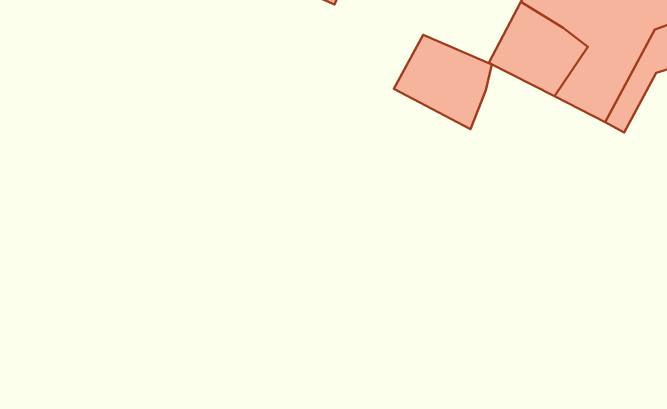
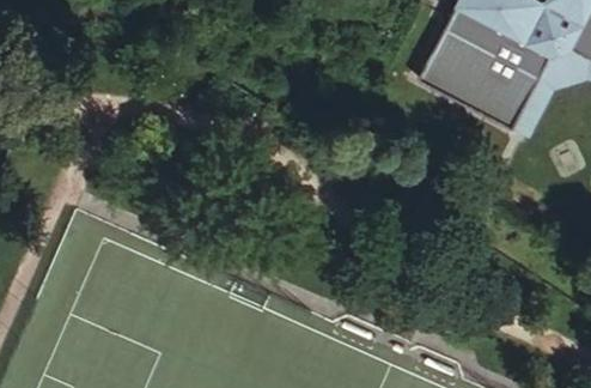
building: [394,35,492,129] -> none

